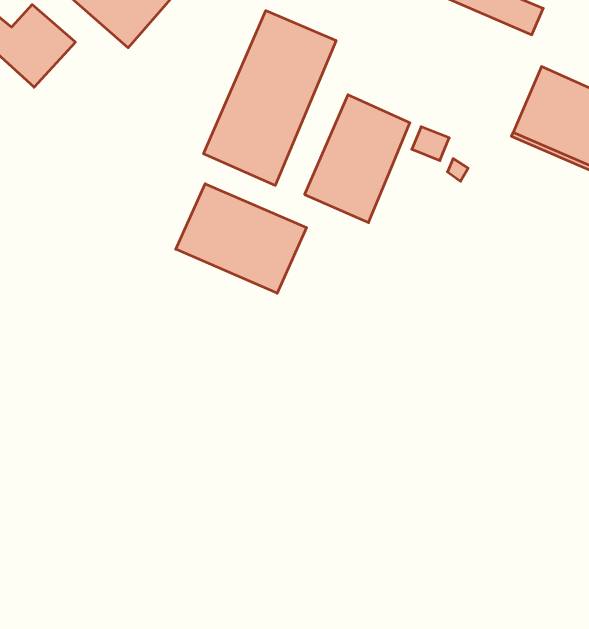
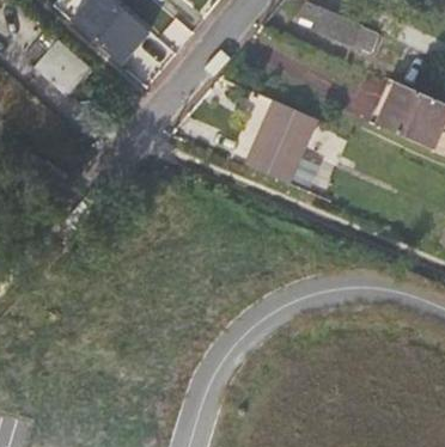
building: [204,11,336,185] -> none
building: [176,184,307,293] -> none

